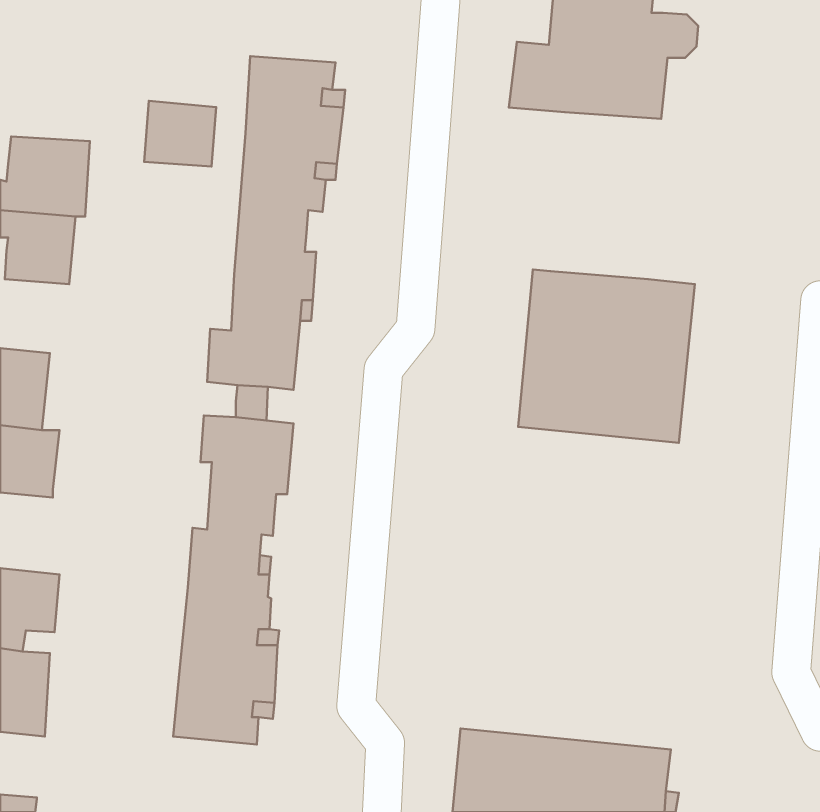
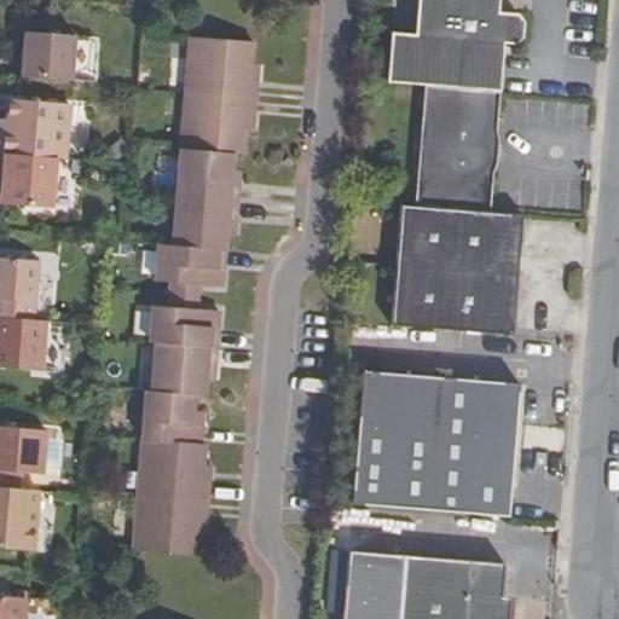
building: [144,101,216,167] -> [19,35,74,85]
building: none -> [415,85,499,210]
building: none -> [349,368,519,515]

